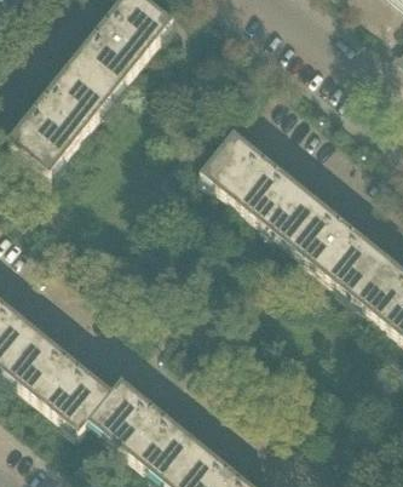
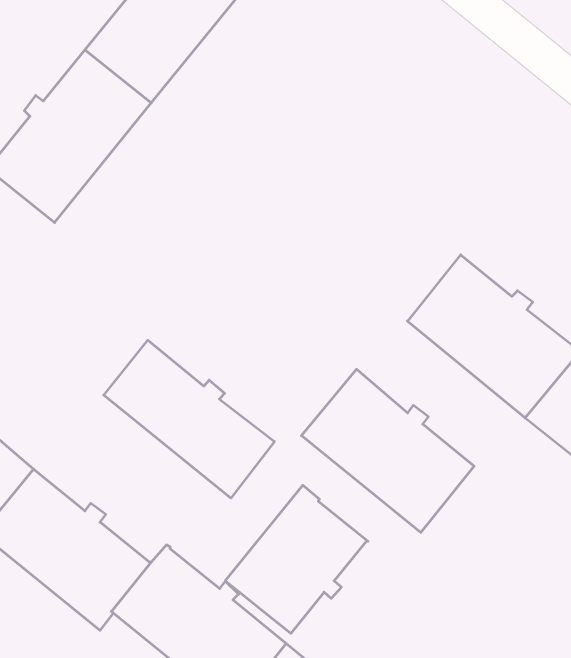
building: [196,131,306,235] -> [301,369,474,532]
building: none -> [104,340,274,498]
building: none -> [225,485,368,633]

